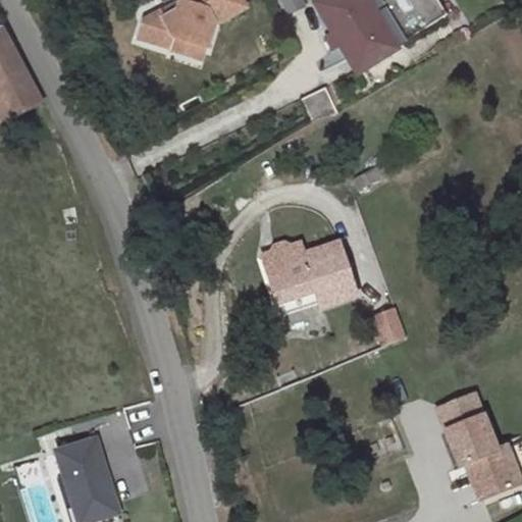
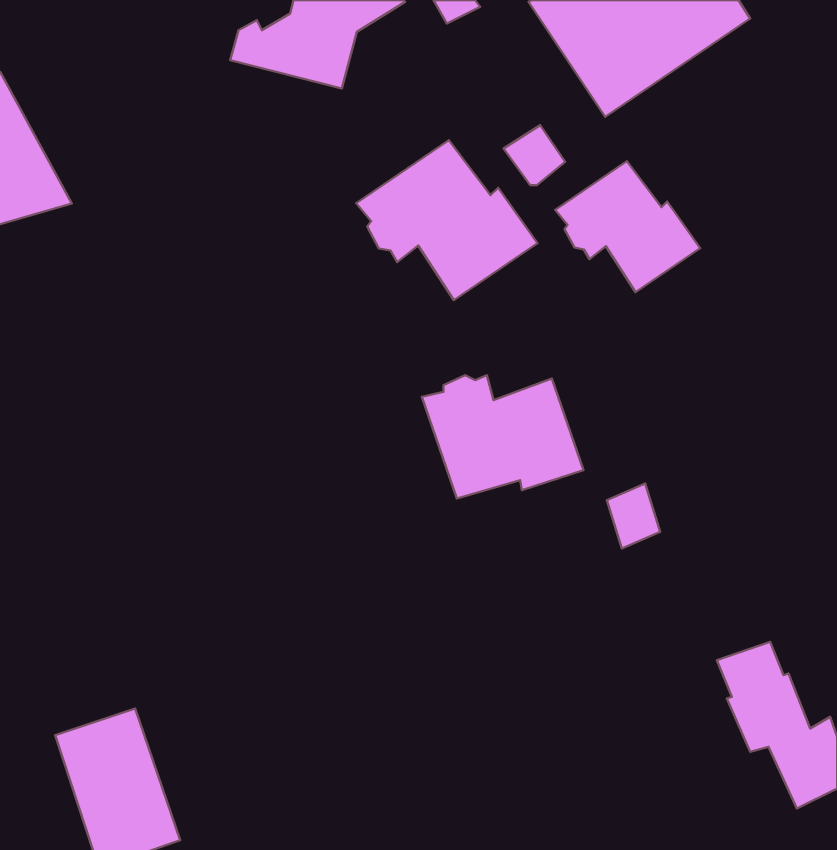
building: none -> [356,140,537,300]
building: none -> [555,161,700,292]

